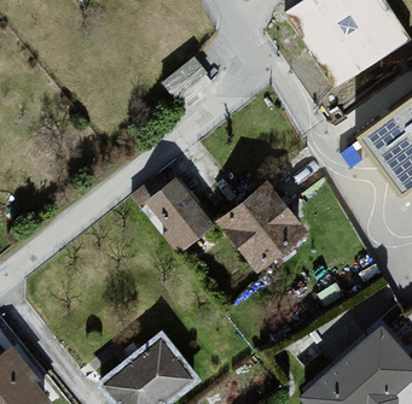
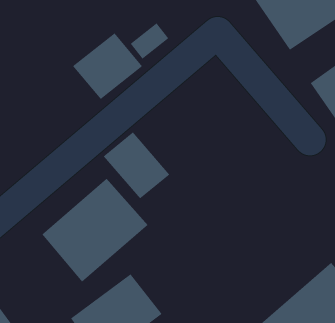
building: none -> [72,32,143,100]
building: [209,185,301,275] -> none
building: none -> [42,178,148,283]

